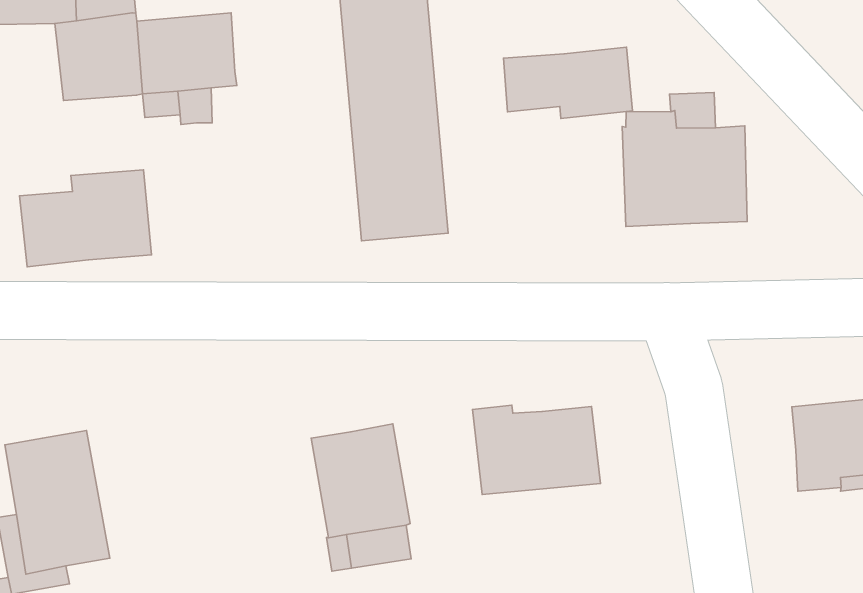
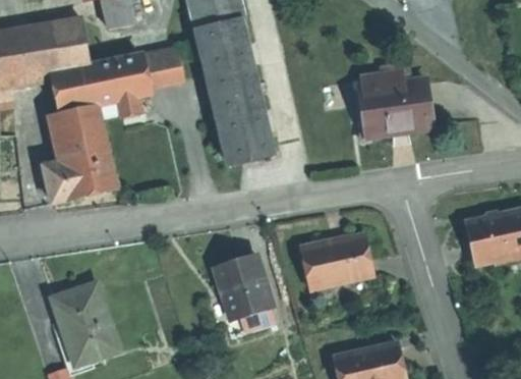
building: none -> [142,46,183,84]
building: [503,47,633,118] -> none
building: none -> [61,103,108,150]

